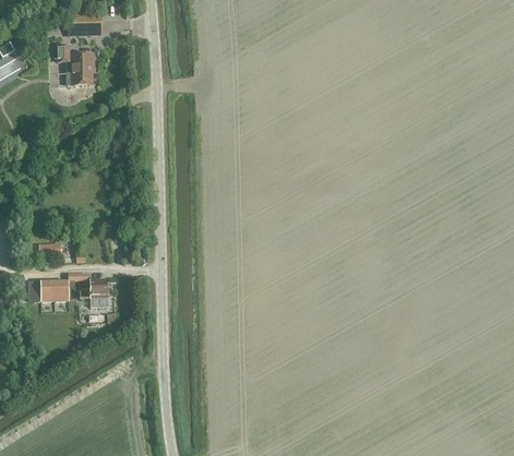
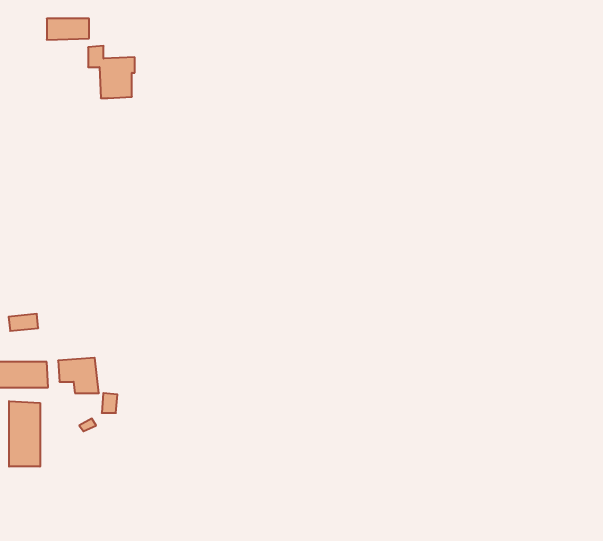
building: [58,45,94,85] -> [88,46,135,98]
building: none -> [9,401,40,467]

